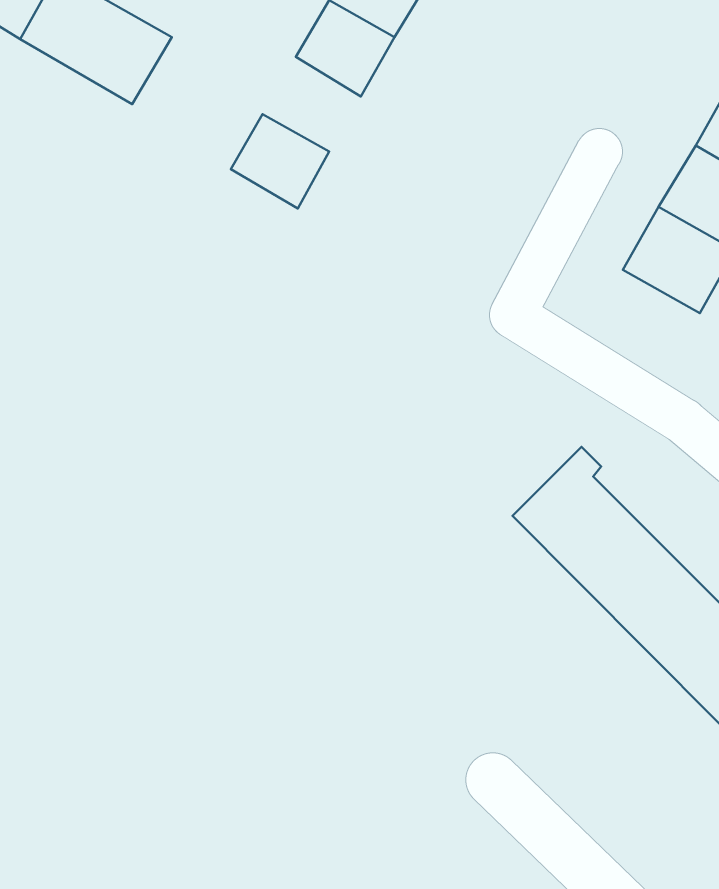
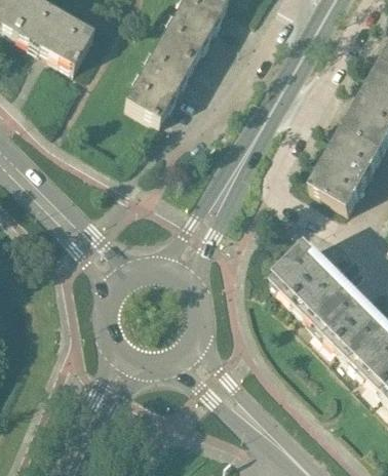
building: none -> [143,40,194,89]
building: none -> [312,151,371,205]

